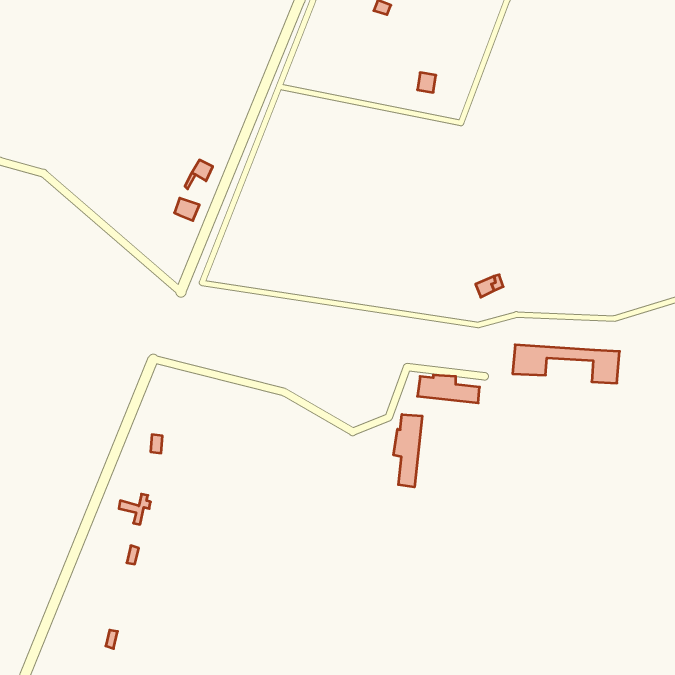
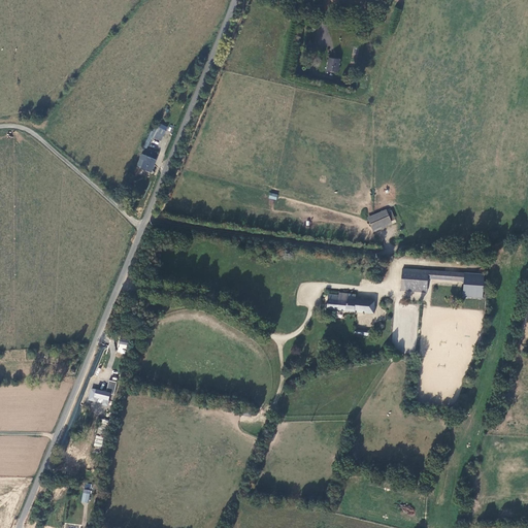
building: [394,414,422,487] -> none

